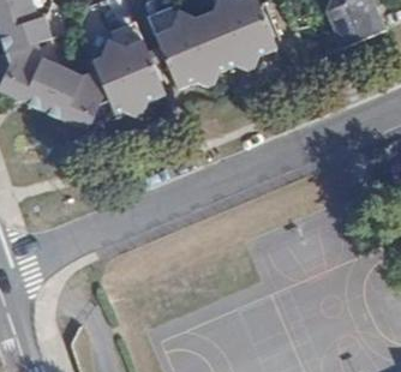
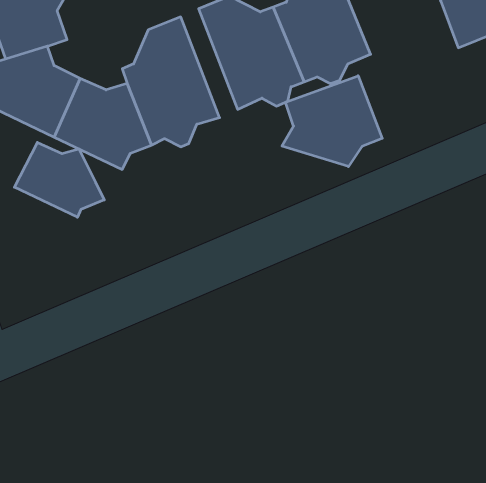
building: none -> [282,76,382,167]
building: none -> [14,142,104,217]

